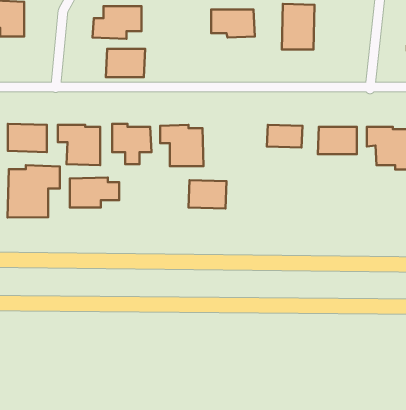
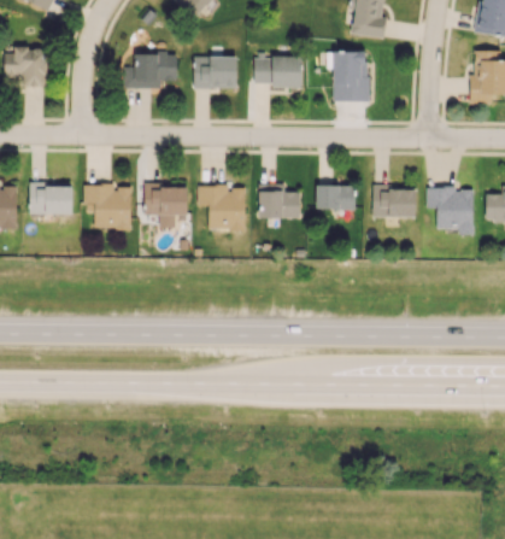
building: [106,49,145,77] -> [194,57,237,88]
building: [8,165,60,217] -> none
building: [70,178,119,207] -> none
building: [189,180,227,208] -> [258,187,300,218]

